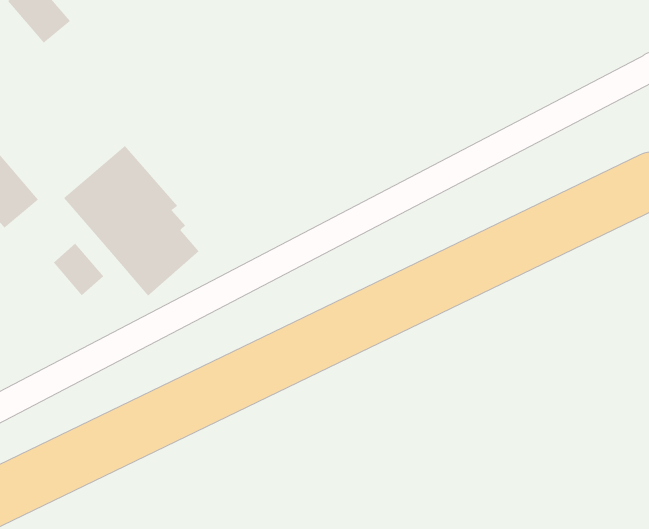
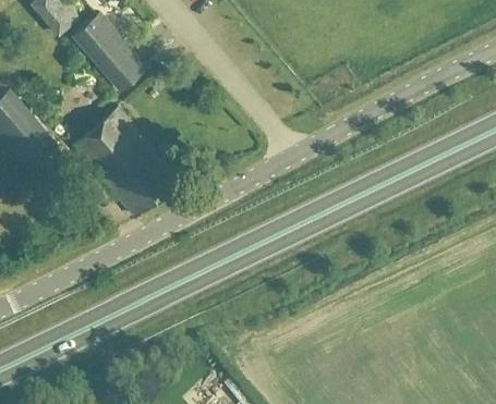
building: none -> [73,12,145,87]
building: [53,243,104,296] -> none

